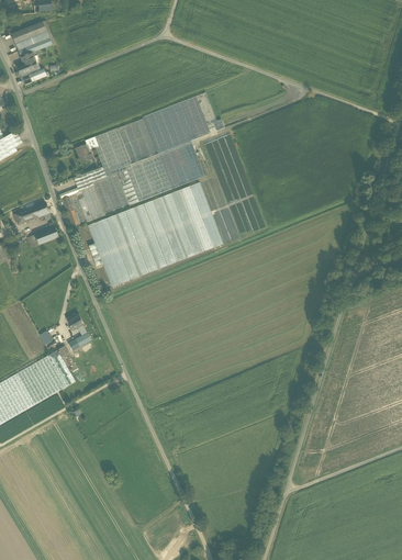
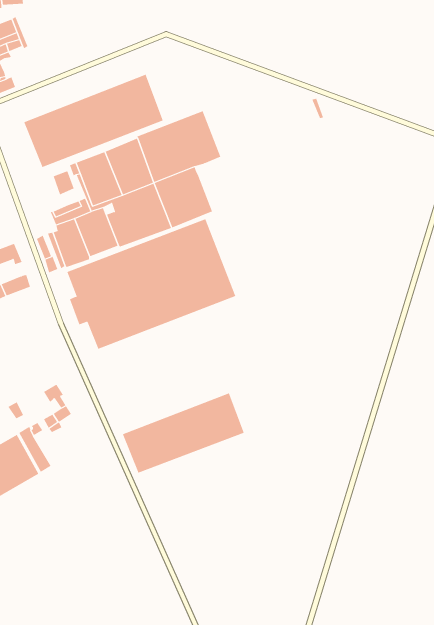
building: none -> [23,74,163,168]
building: none -> [122,392,244,474]

